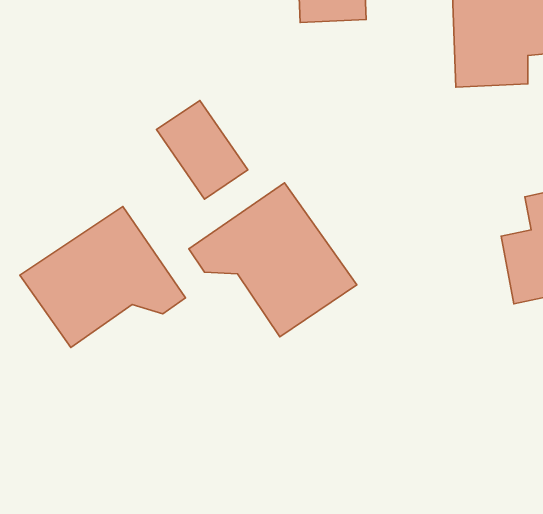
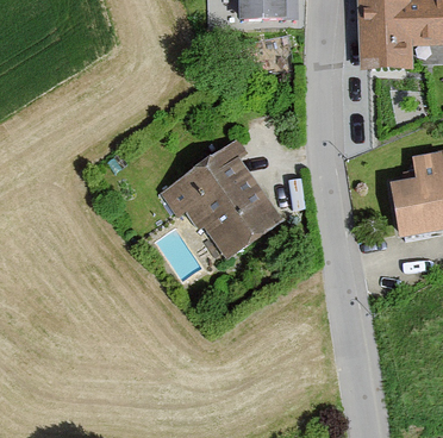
building: [156,100,248,199] -> none
building: [20,206,186,348] -> none

